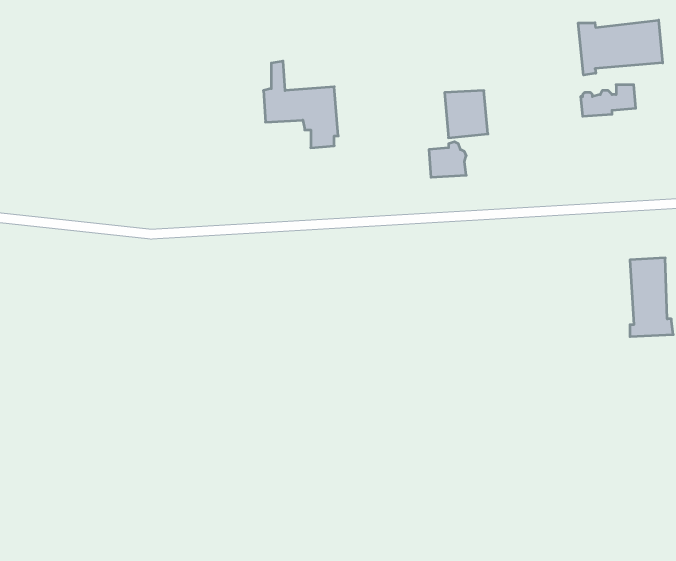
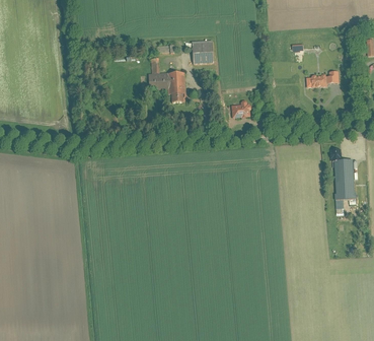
building: [578,20,663,75] -> none
building: [445,91,488,138] -> [191,40,213,64]

